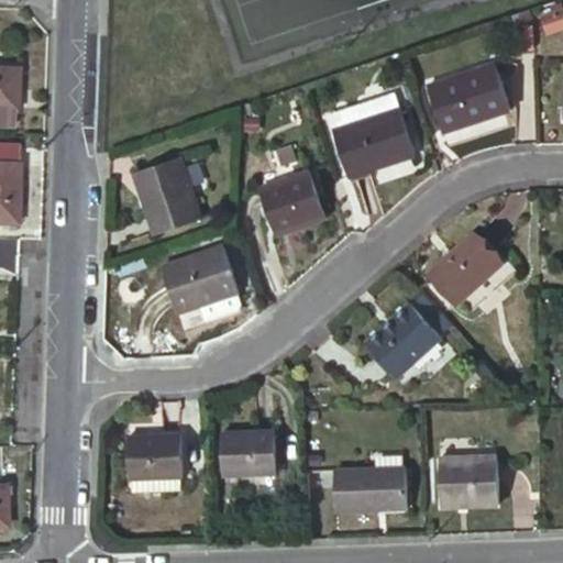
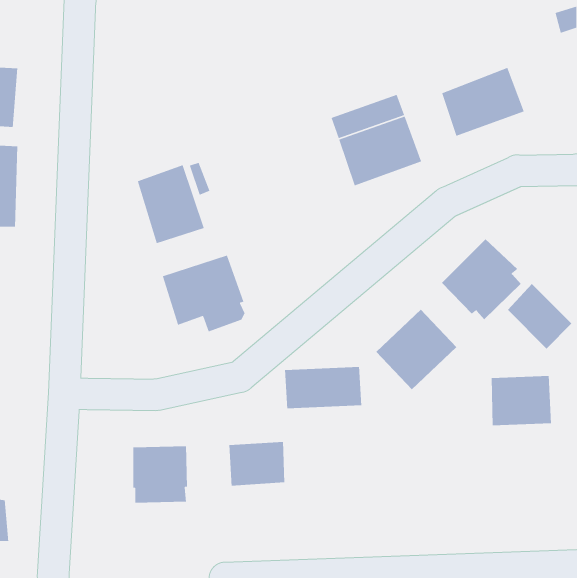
building: [255,172,321,238] -> none
building: none -> [507,283,572,349]
building: [438,454,497,504] -> [491,375,552,426]
building: [335,467,411,509] -> [284,366,362,409]

